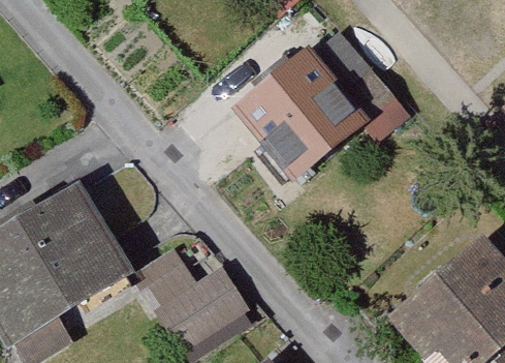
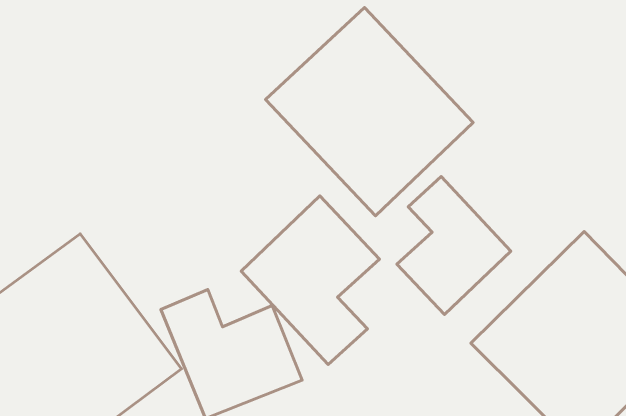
building: none -> [397,176,511,315]
building: none -> [241,196,380,365]

